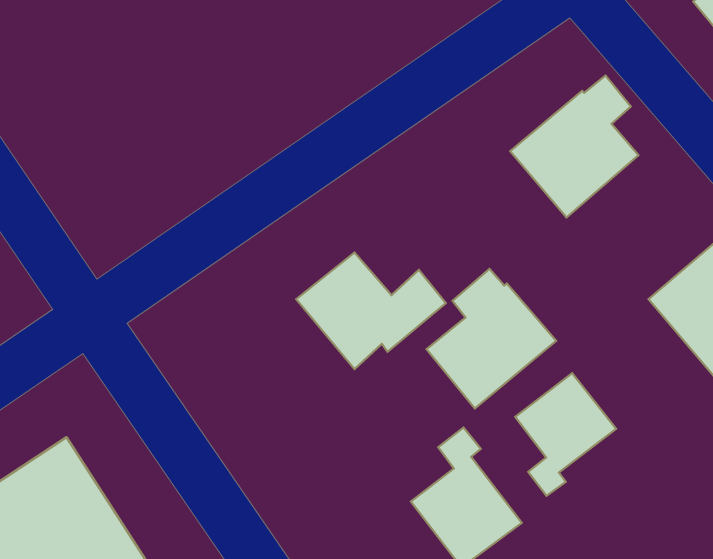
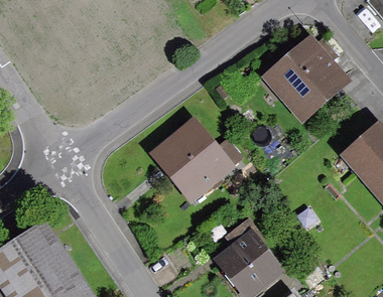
building: [427,269,556,409] -> none
building: [515,373,616,496] -> none

